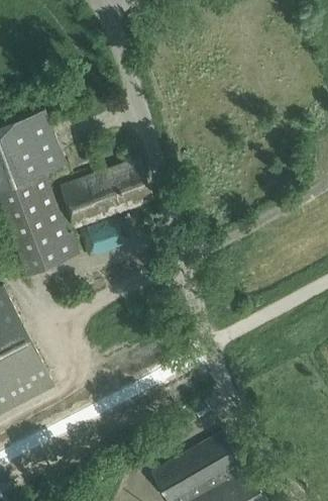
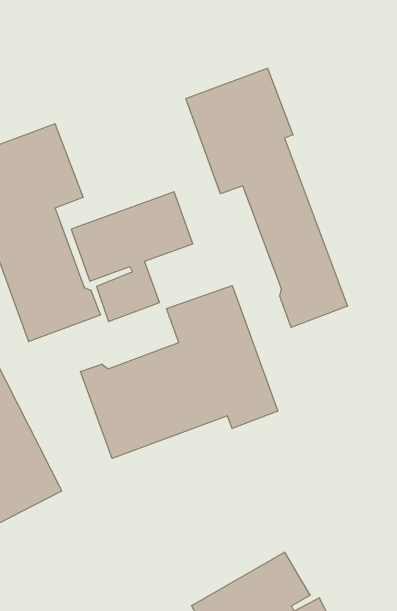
building: none -> [186,68,348,327]
building: none -> [80,286,278,458]

